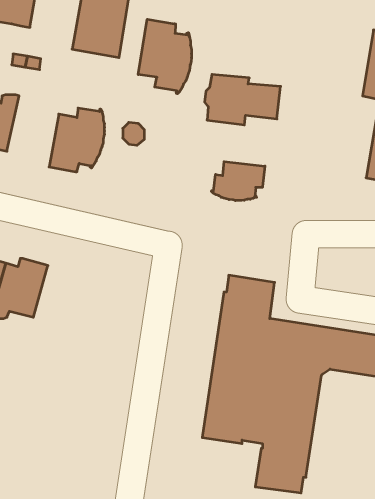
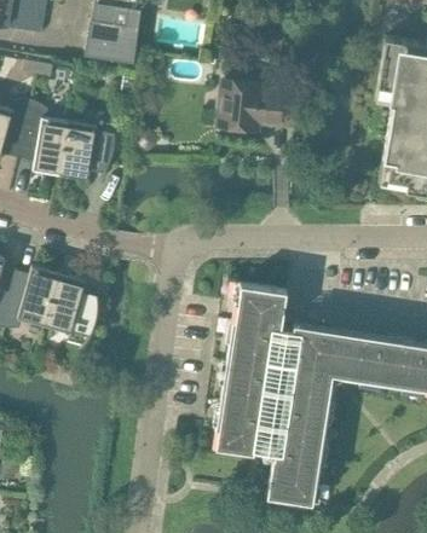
building: [138,19,192,94] -> none
building: none -> [19,104,71,175]
building: [211,162,265,201] -> none
building: none -> [46,274,100,349]

